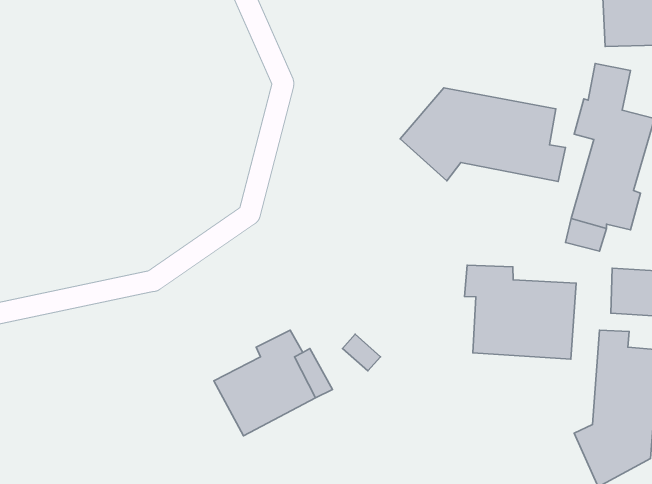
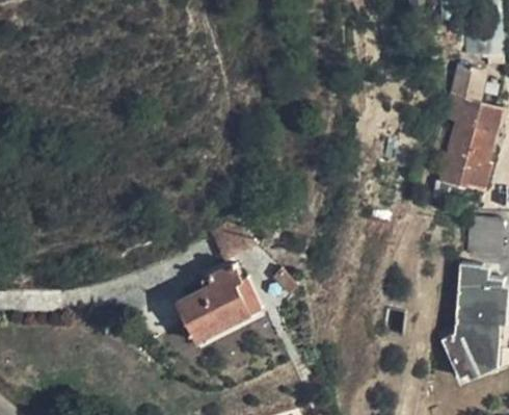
building: [400,88,566,181] -> none
building: [465,265,576,359] -> none

